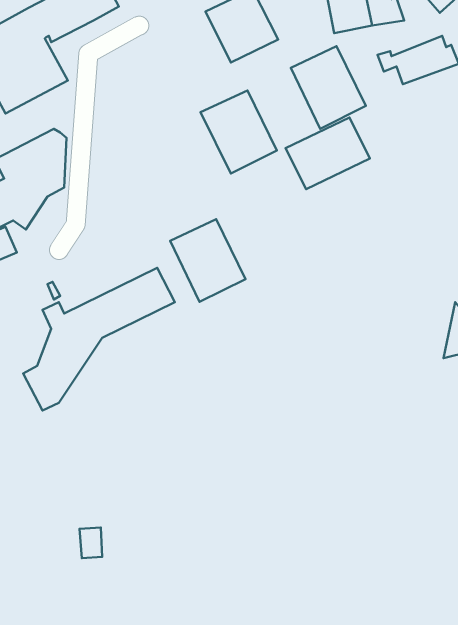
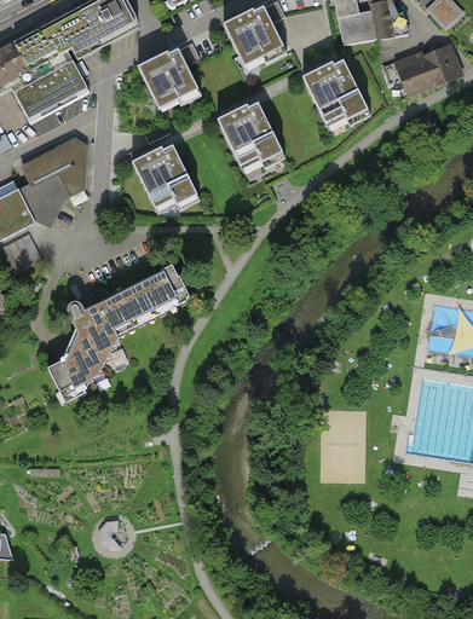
building: none -> [134,45,202,115]
building: [286,117,370,189] -> none
building: [170,219,245,302] -> [129,141,201,220]

